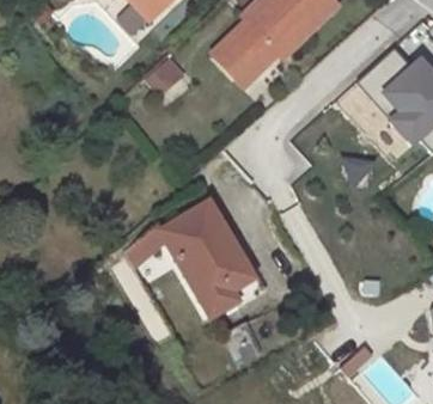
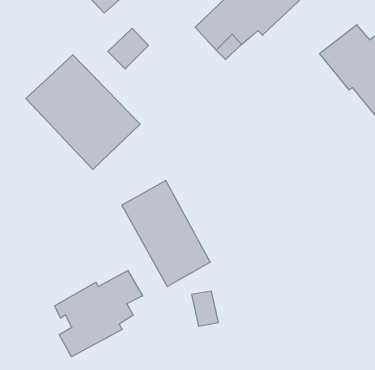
building: none -> [26,55,140,169]
building: none -> [54,270,143,357]

